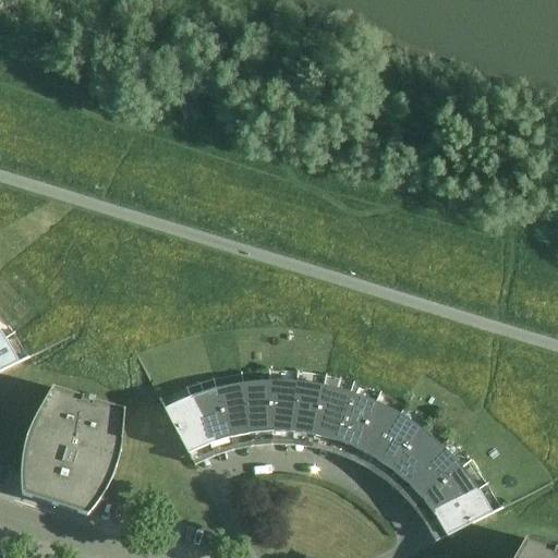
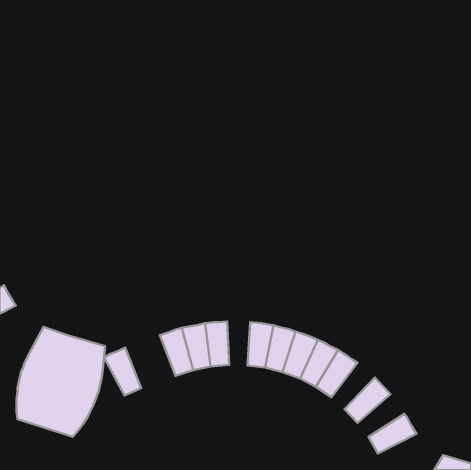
building: [268,379,295,432] -> none
building: [163,396,207,452] -> [104,347,141,395]
building: [391,428,442,483] -> none
building: [422,465,477,515] -> none

